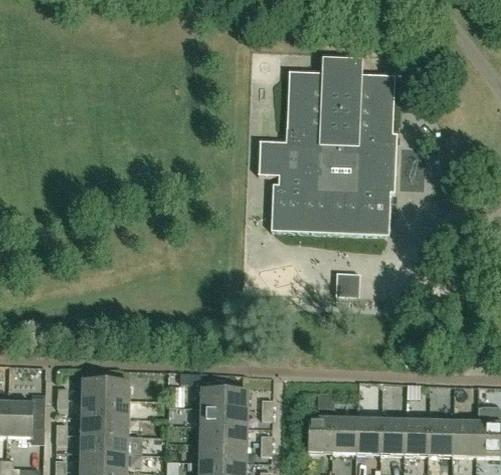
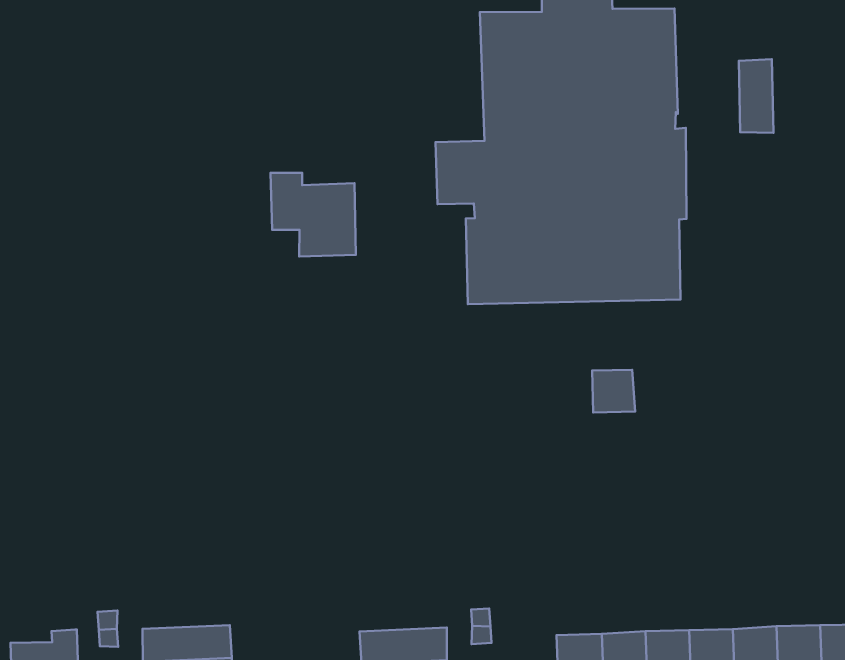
building: none -> [739,59,773,133]
building: none -> [271,173,356,257]
building: [81,378,130,398] -> none
building: [200,387,248,407] -> none

